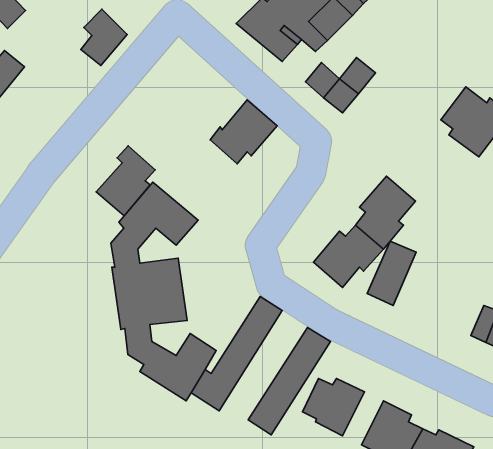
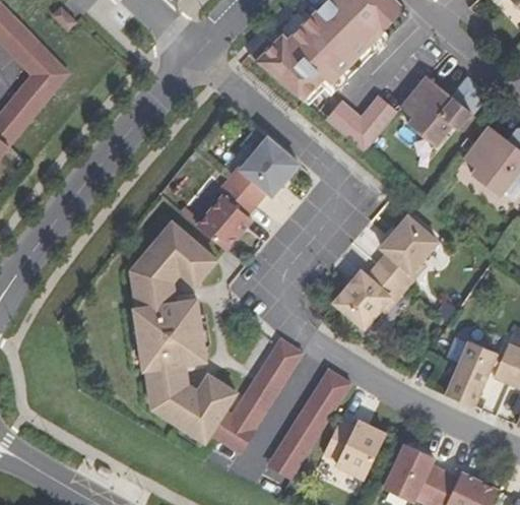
building: [81,9,127,66] -> [21,47,68,104]
building: none -> [400,74,485,145]
building: [96,146,155,216] -> [197,178,257,249]
building: [367,241,416,305] -> [447,340,497,405]

